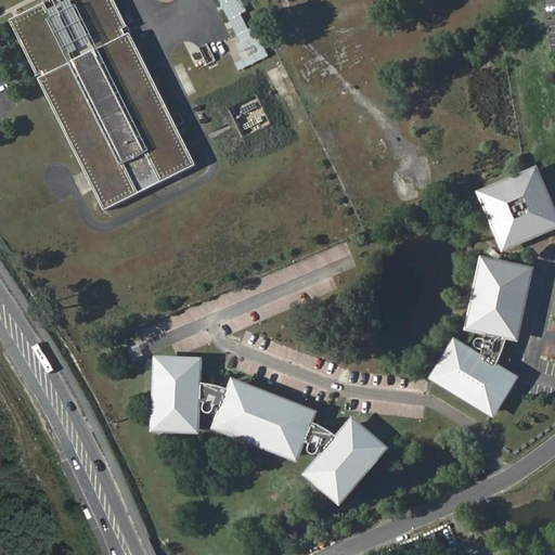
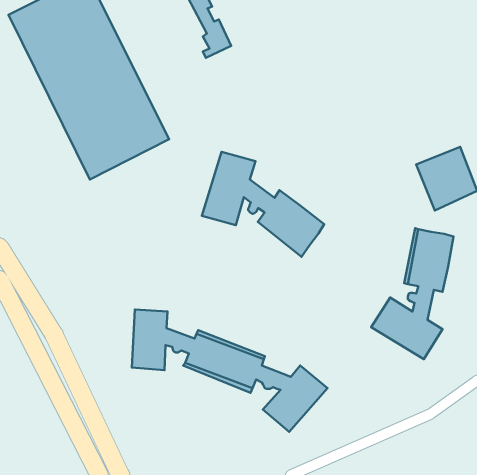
building: none -> [202,152,324,257]

